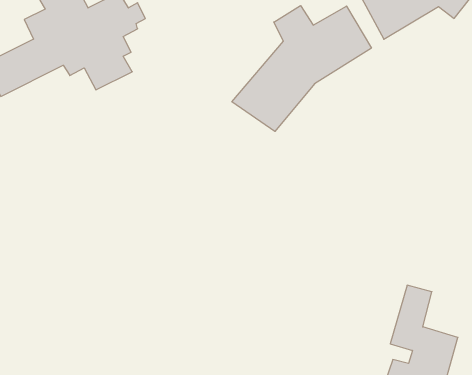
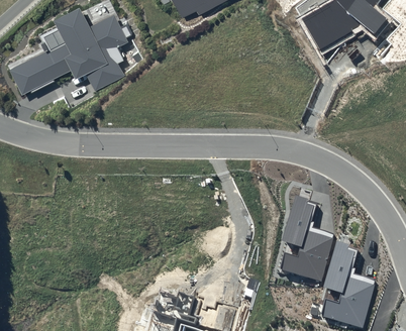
building: [232,6,371,131] -> none
building: none -> [279,195,334,282]

